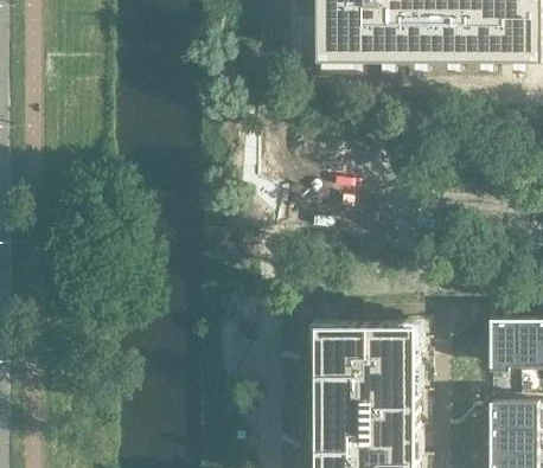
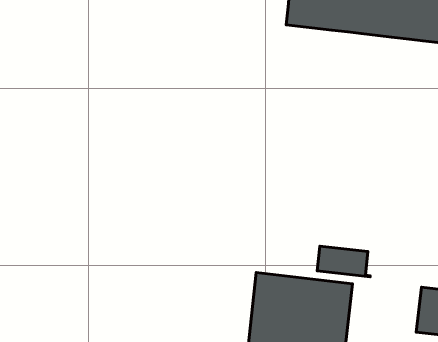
building: none -> [317,246,370,277]

